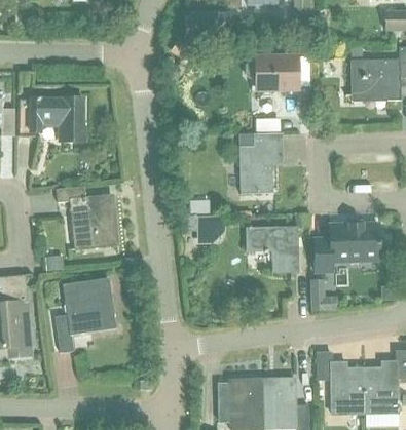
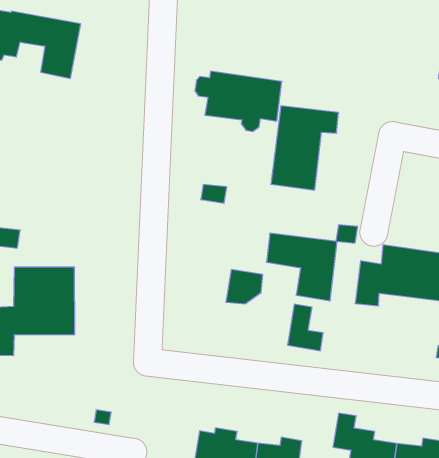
building: [246,56,309,96] -> [195,71,282,131]
building: [54,185,116,246] -> none
building: [199,217,224,241] -> [226,269,263,304]
building: [311,279,336,310] -> [288,304,323,351]

